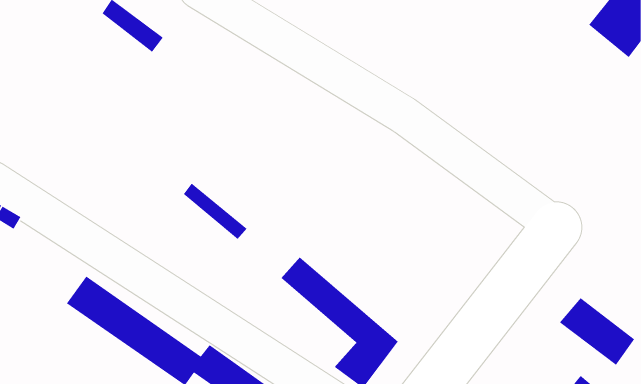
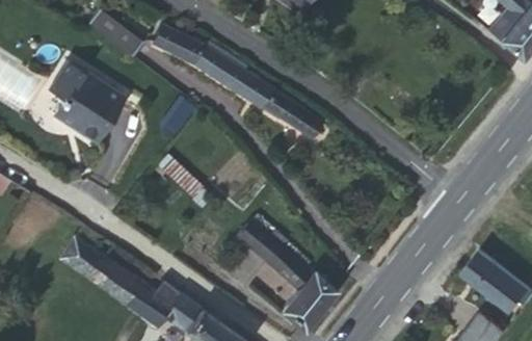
building: none -> [152,24,320,138]
building: none -> [48,61,124,139]

